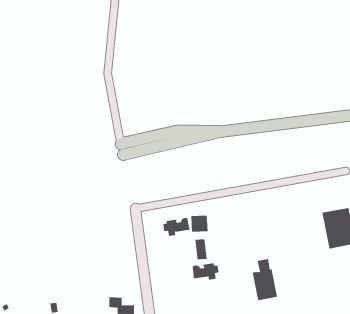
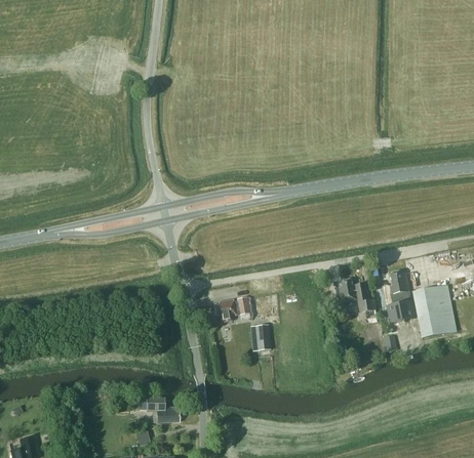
building: none -> [339,280,374,319]
building: [252,258,278,301] -> [383,269,416,323]
building: [192,262,219,280] -> none

